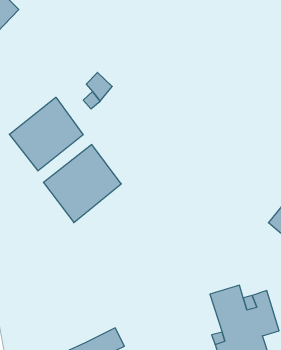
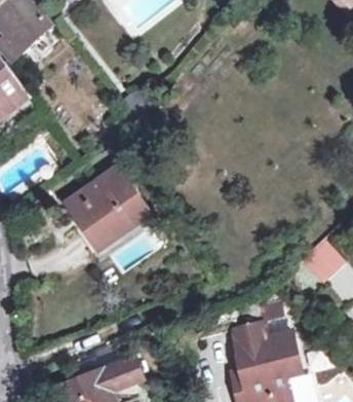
building: [9,97,83,171] -> none

